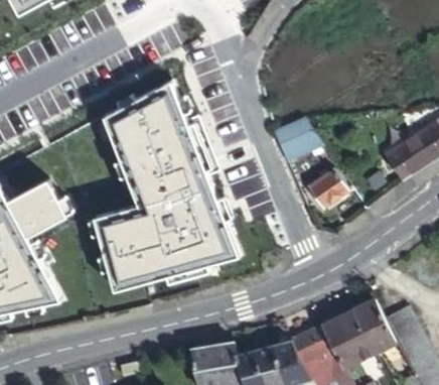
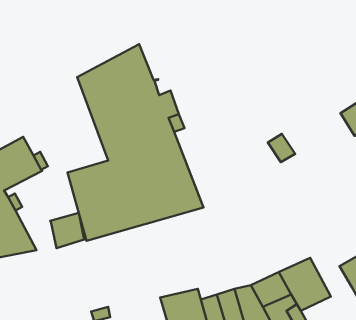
building: [273,120,317,163] -> none
building: none -> [50,213,84,248]
building: [352,300,397,352] -> none

